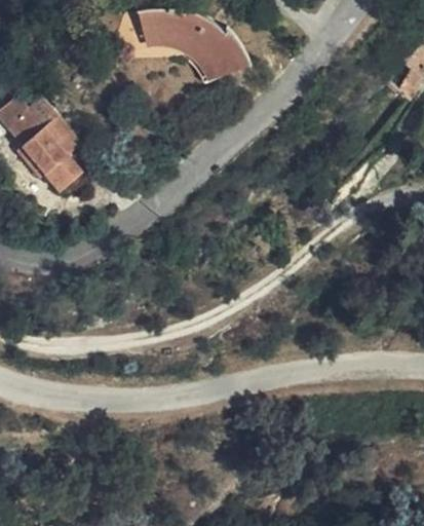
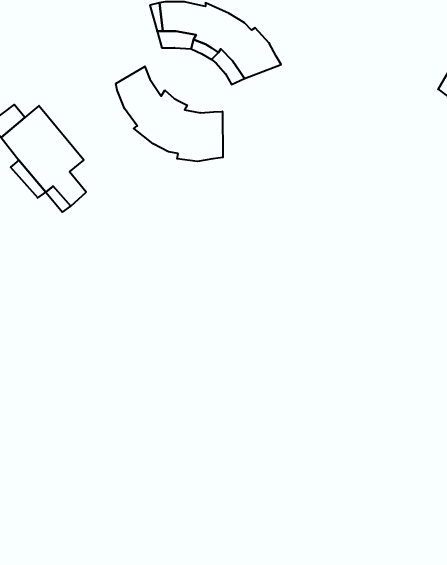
building: none -> [116,66,223,161]

